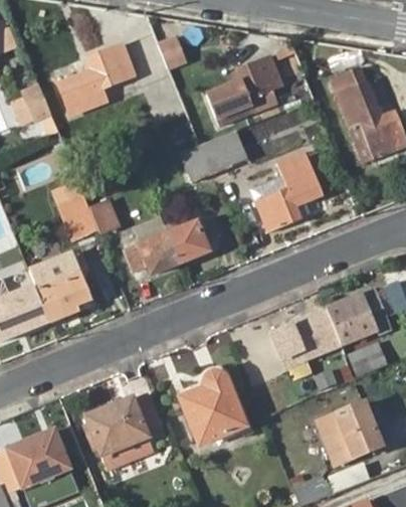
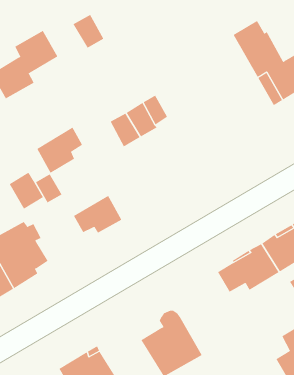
building: [206,54,280,125] -> none
building: [249,151,323,231] -> none
building: [167,215,218,263] -> [37,127,83,173]

